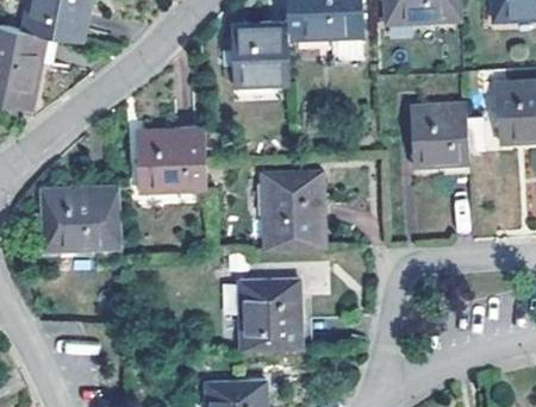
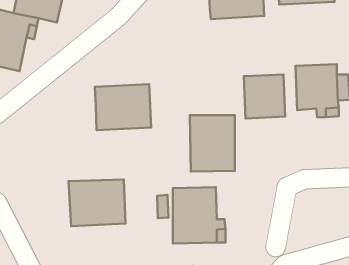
building: [236,24,294,86] -> none
building: none -> [244,74,285,118]
building: [42,189,120,253] -> [68,179,125,226]

